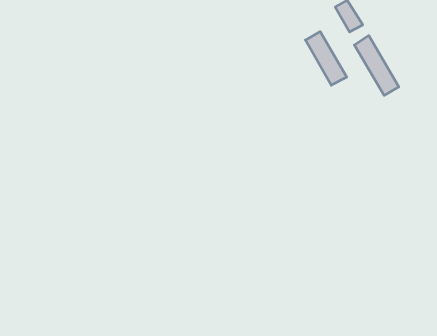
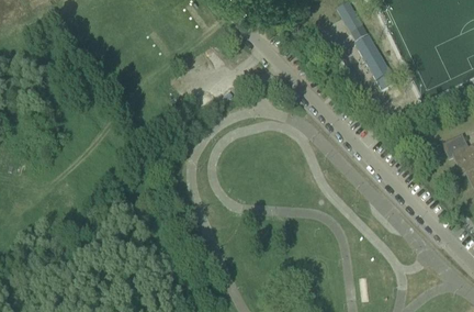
building: [305,32,347,85] -> none

